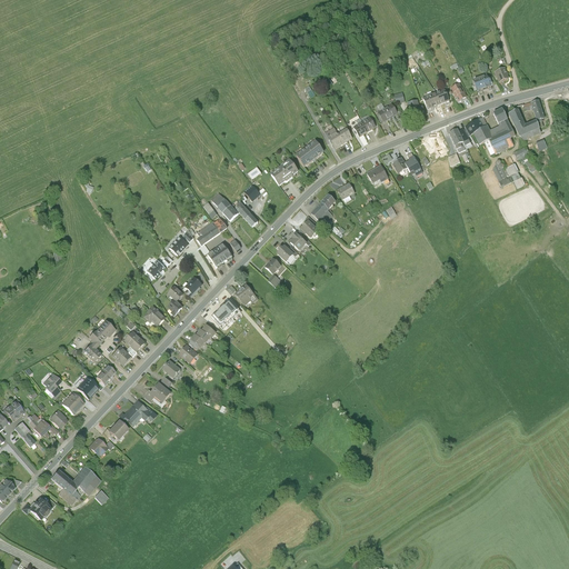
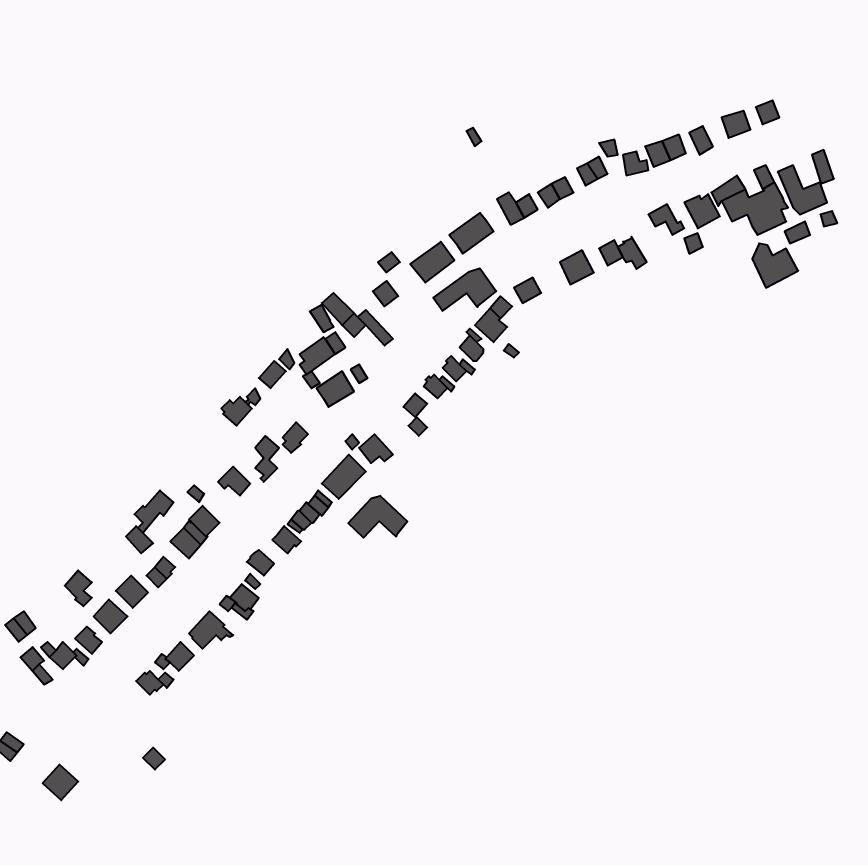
building: none -> [433,268,496,311]
building: none -> [348,496,407,538]
building: [50,467,100,500] -> none

